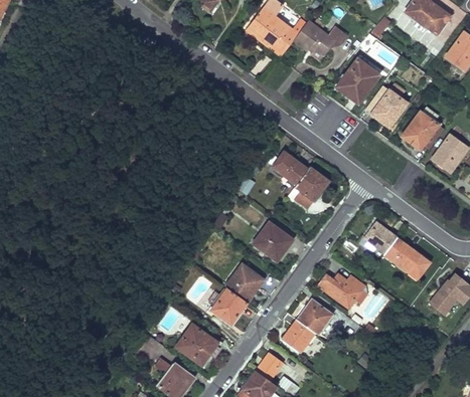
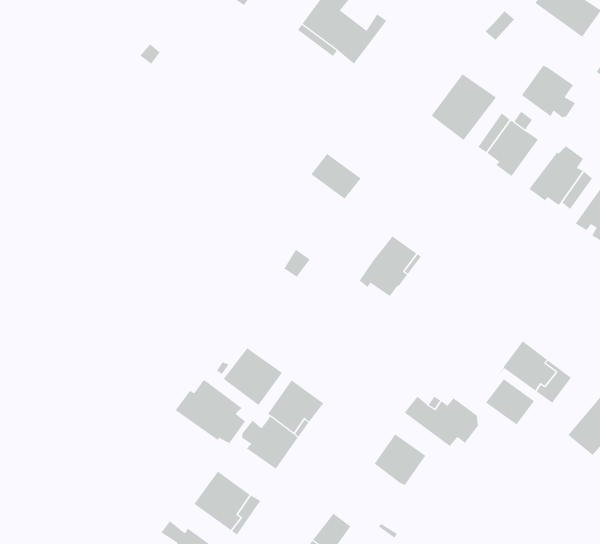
building: [293,19,347,60] -> none
building: none -> [521,65,576,118]
building: [273,153,307,184] -> [310,153,361,200]
building: [253,222,293,261] -> [223,347,283,406]
building: [363,222,397,253] -> [485,379,535,425]
building: none -> [175,380,246,444]
building: [282,320,314,353] -> none

